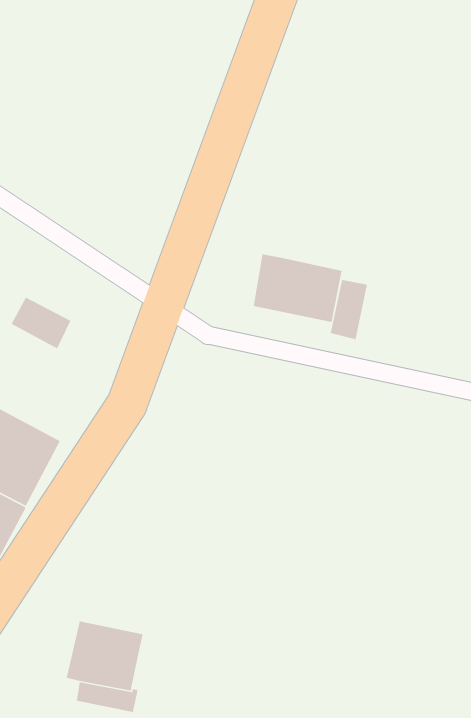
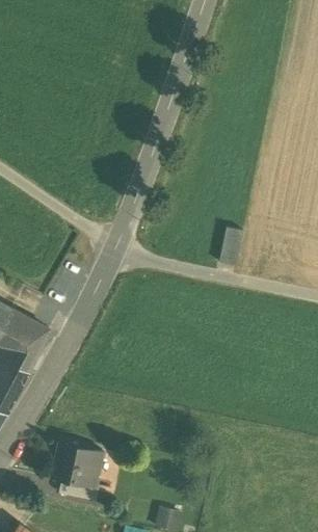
building: [253,254,343,323] -> none
building: [10,297,72,349] -> none

